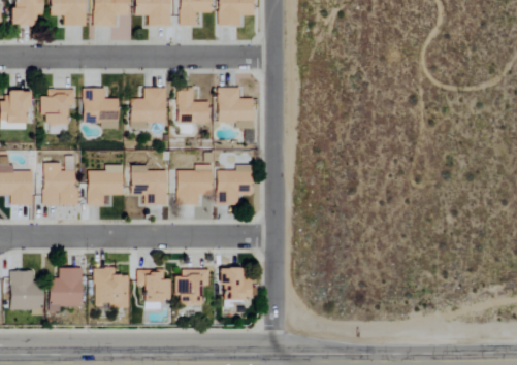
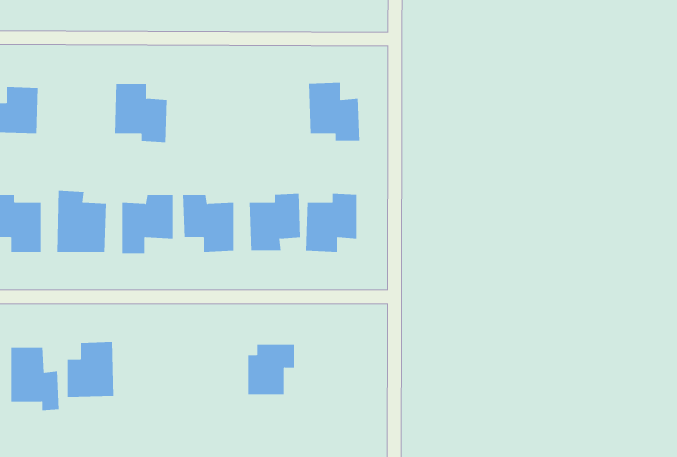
building: [132,88,167,129] -> none
building: [179,88,211,123] -> none
building: [41,89,75,125] -> none
building: [222,267,253,300] -> none
building: [95,268,130,307] -> none
building: [137,269,172,309] -> none

